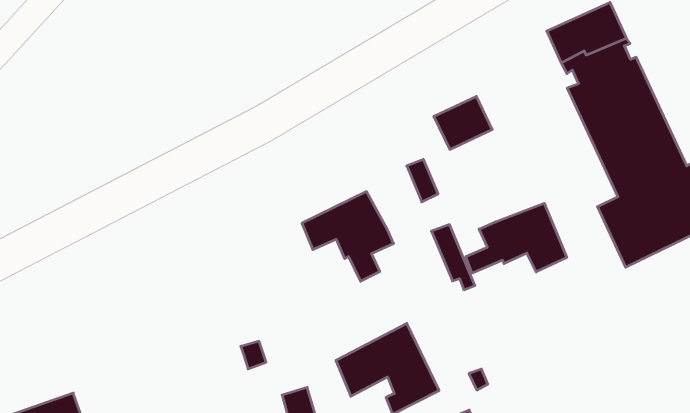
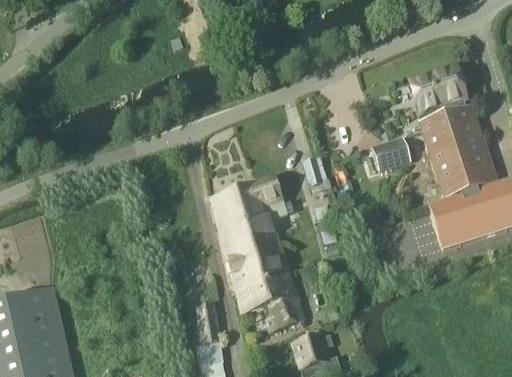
building: [434,96,492,149] -> [372,136,411,170]
building: [466,203,567,273] -> none
building: none -> [211,190,288,287]

